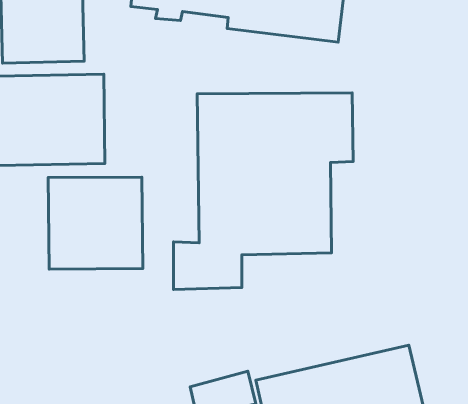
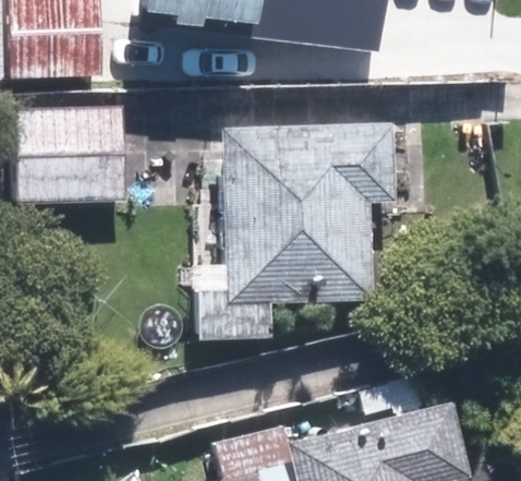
building: [48,177,143,269] -> none

